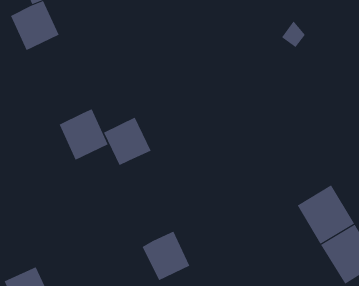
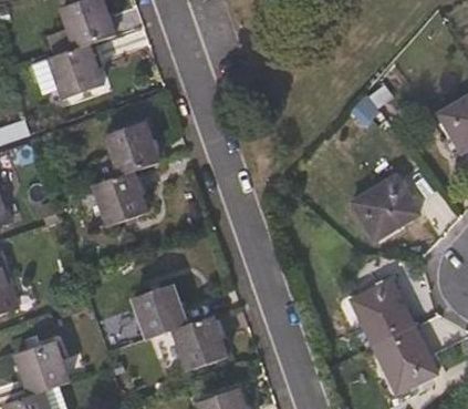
building: none -> [351,174,419,239]
building: [103,117,151,166] -> [106,121,158,174]
building: none -> [134,284,186,338]

